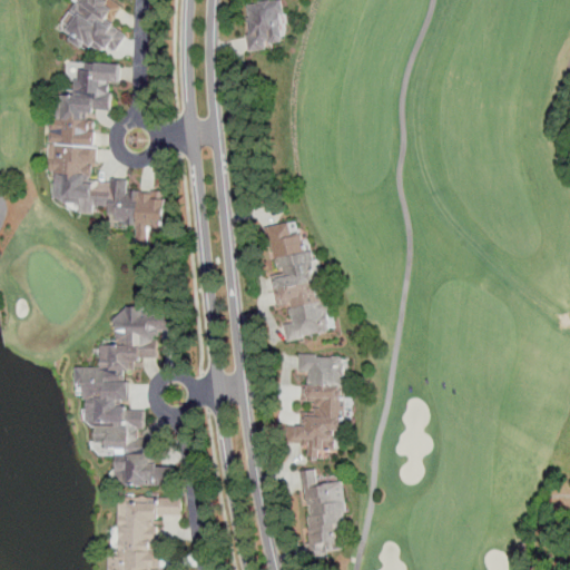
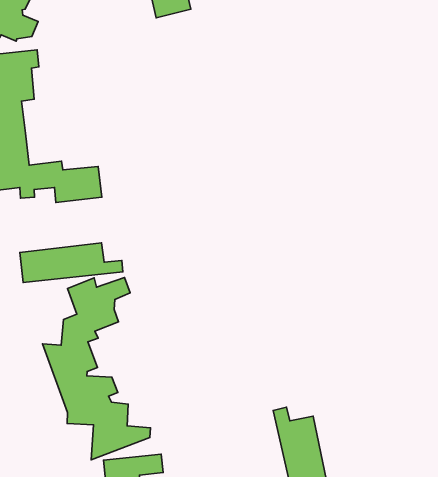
building: [265,223,330,342] -> none
building: none -> [20,243,123,282]
building: [293,354,346,451] -> none

